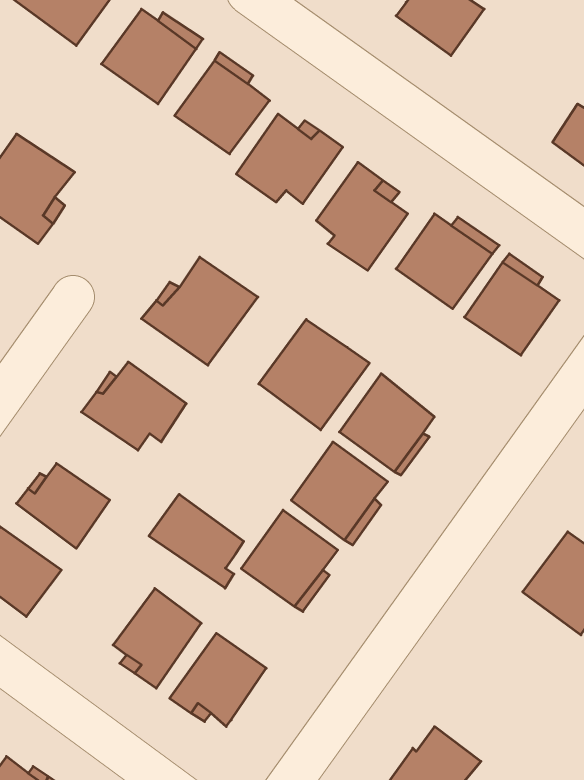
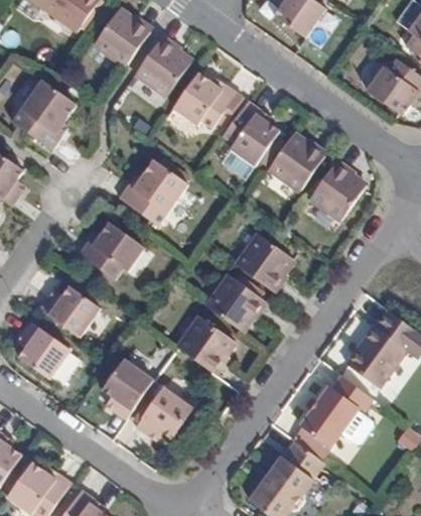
building: [259,319,369,430] -> none
building: [149,494,244,588] -> none
building: none -> [304,376,375,444]

